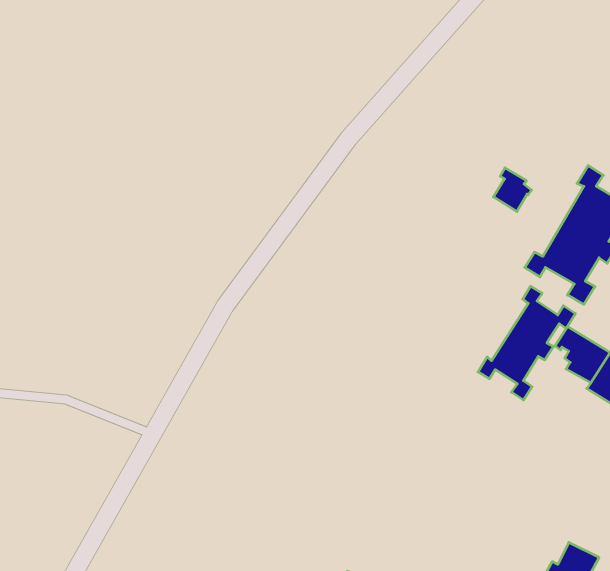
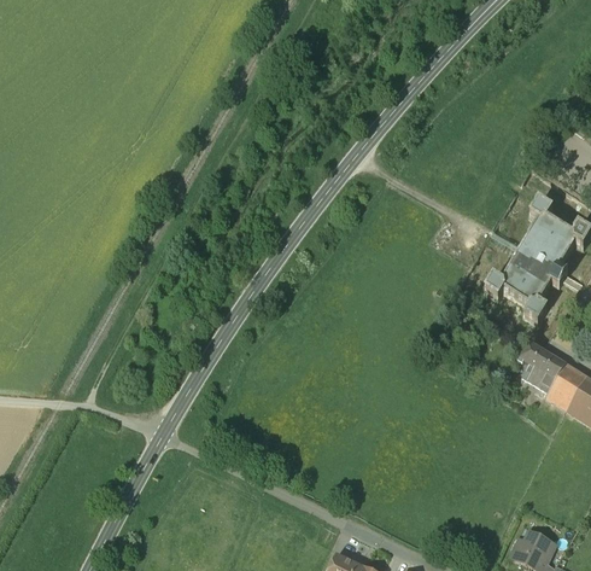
building: [493,168,532,212] -> none
building: [478,286,575,400] -> none

